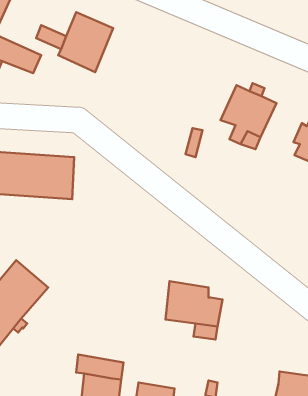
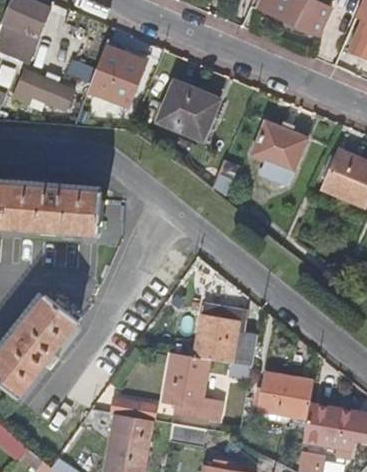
building: none -> [158,80,218,138]
building: none -> [199,299,244,333]
building: none -> [166,353,224,416]
building: none -> [259,375,313,419]

